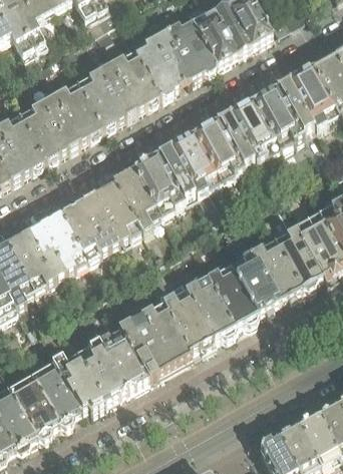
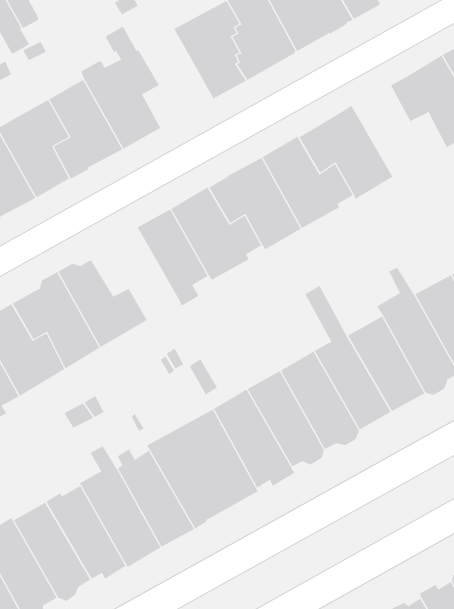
building: [113,49,162,114] -> none
building: [254,86,315,146] -> none
building: [82,179,140,241] -> none

